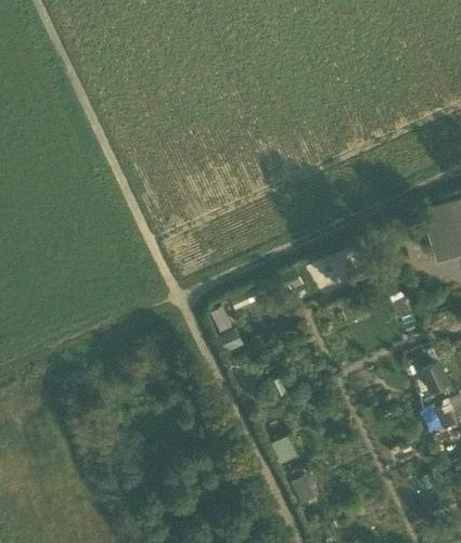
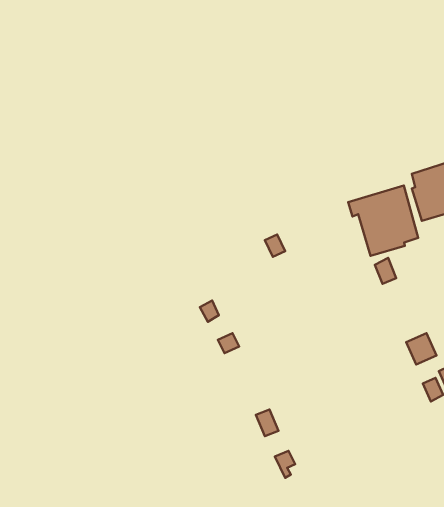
building: none -> [348,185,418,256]

